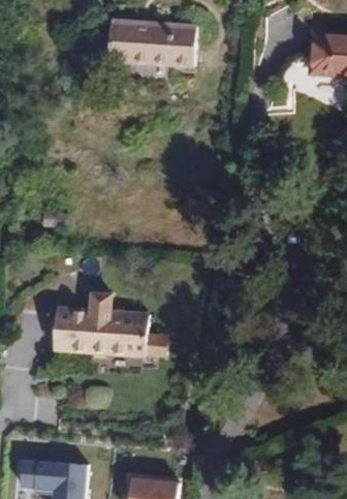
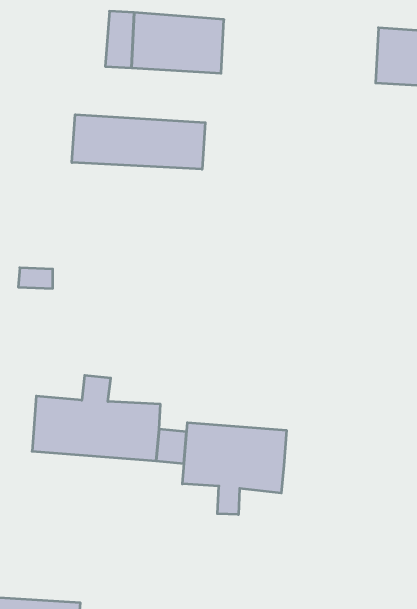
building: none -> [72,115,205,169]
building: none -> [182,423,286,515]

